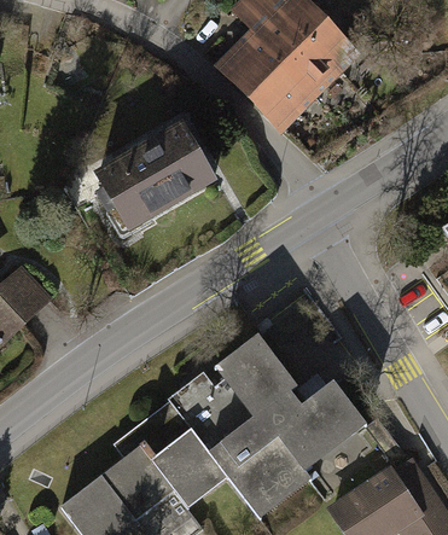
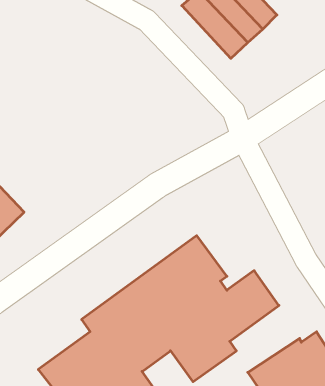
building: [216,40,304,130] -> none
building: [74,130,204,243] -> none

